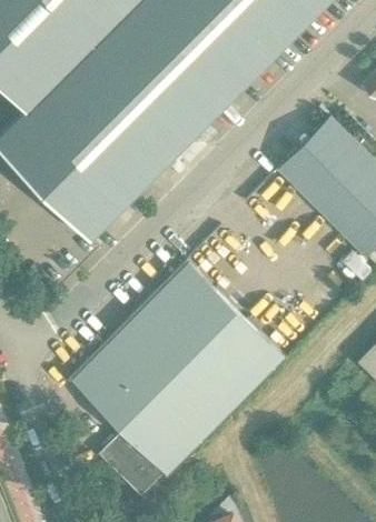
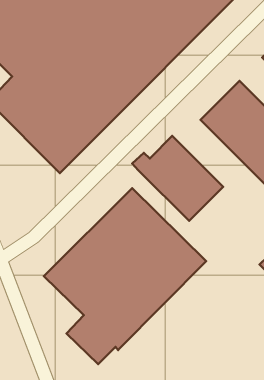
building: none -> [132,136,223,221]

